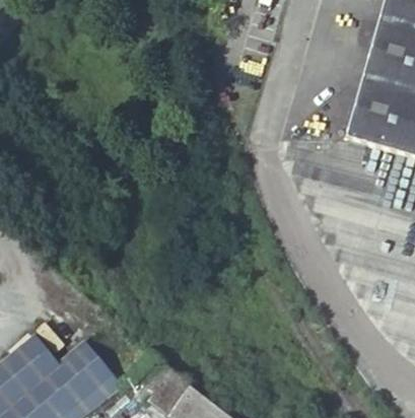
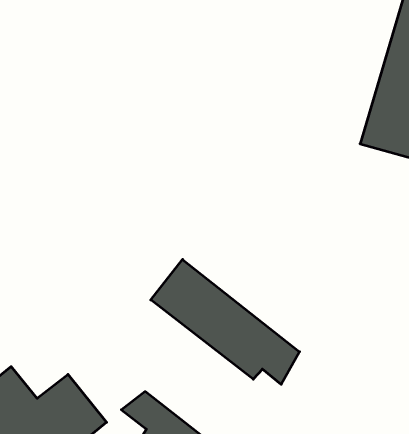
building: none -> [151,259,300,384]

